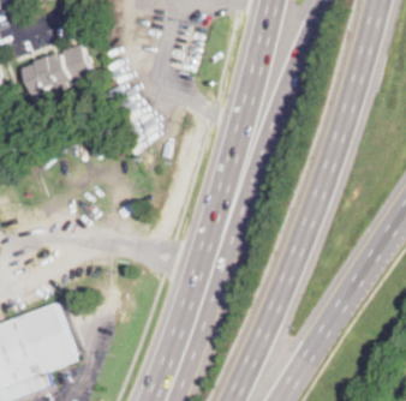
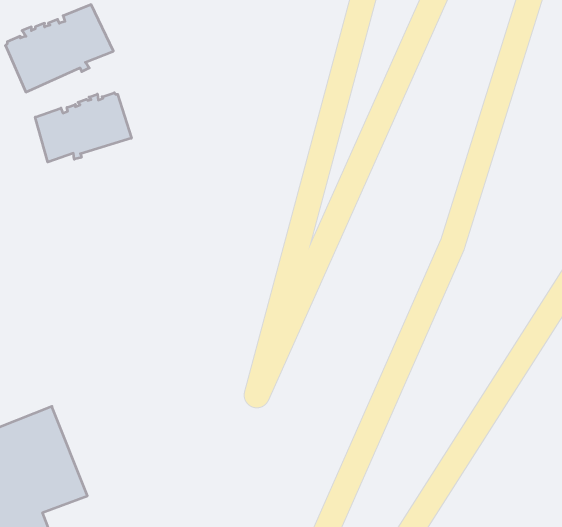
building: none -> [35,93,131,162]

